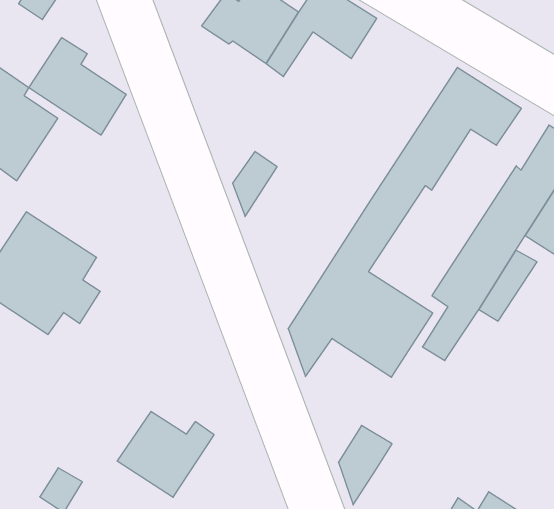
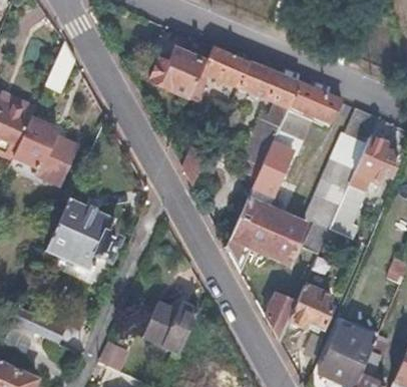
building: none -> [240,61,301,165]
building: [29,38,126,135] -> none
building: none -> [289,285,332,329]

